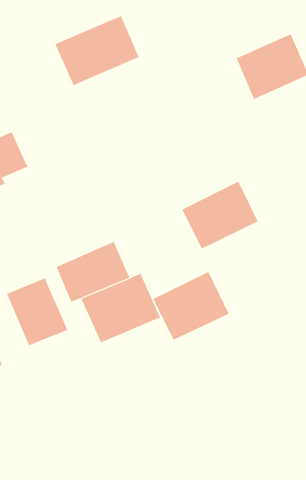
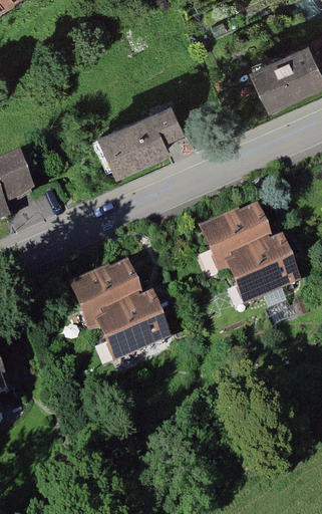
building: [54,16,139,86] -> [96,110,183,182]
building: [152,271,230,341] -> [222,235,300,305]
building: [6,277,68,346] -> none

